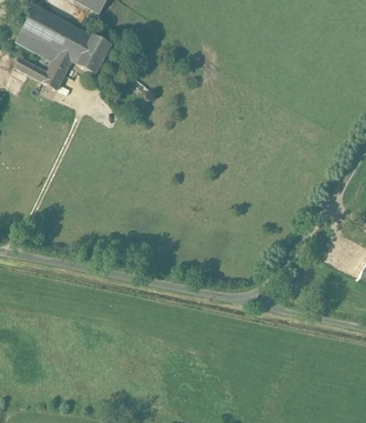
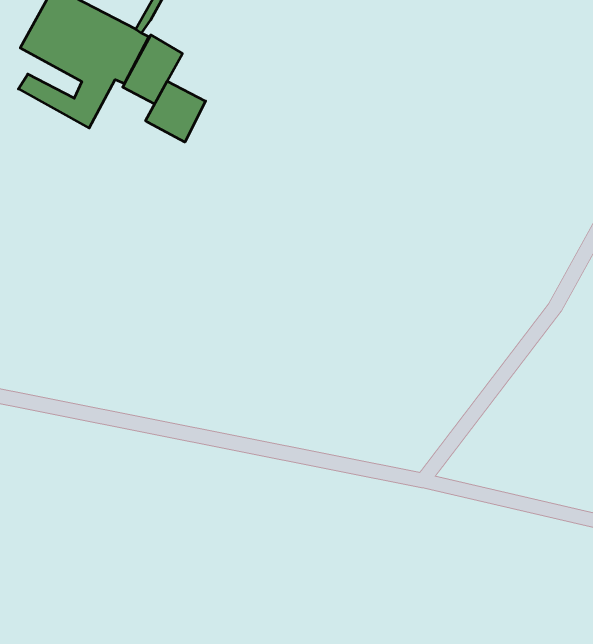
building: none -> [146,81,206,142]

